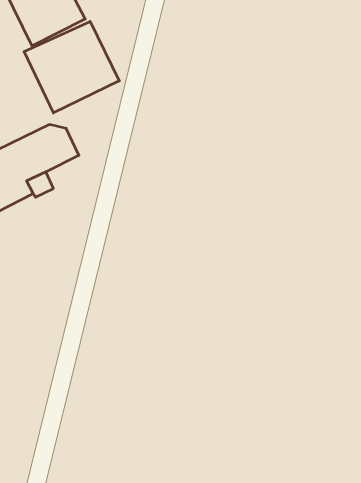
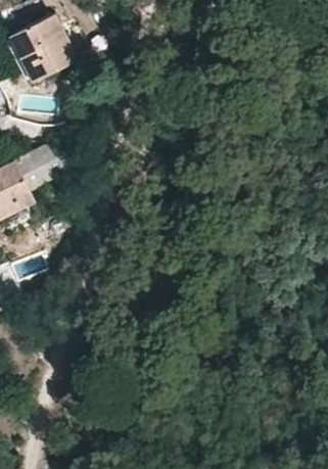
building: [24,21,119,113] -> none

